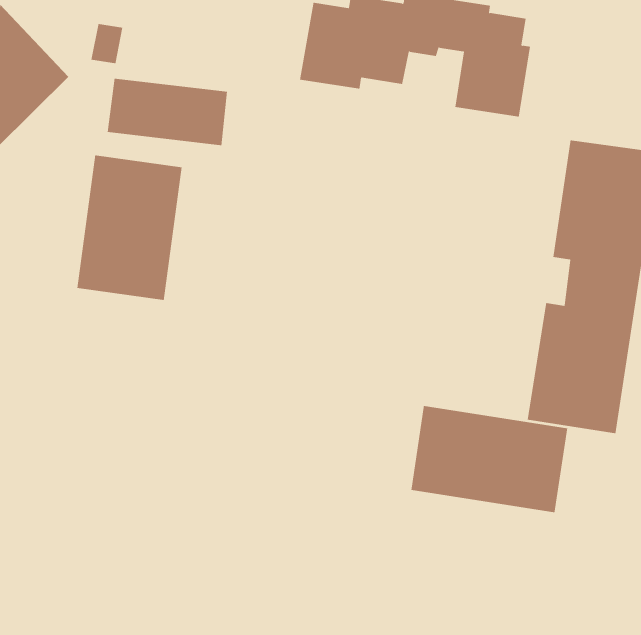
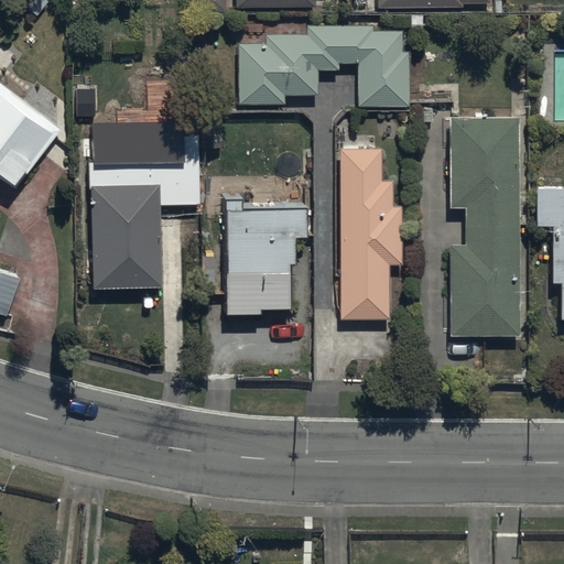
building: none -> [339,148,401,319]
building: none -> [225,197,306,314]
building: [411,405,568,513] -> none

